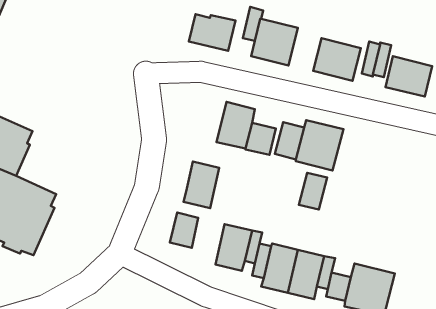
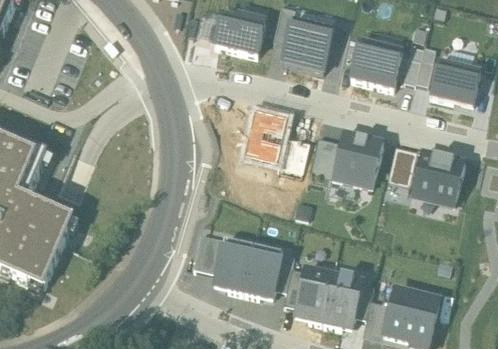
building: none -> [412,152,464,205]
building: [184,162,219,208] -> [214,239,253,290]
building: [299,173,327,209] -> [386,144,417,184]

